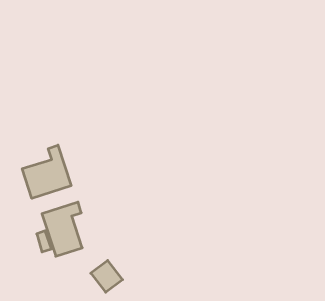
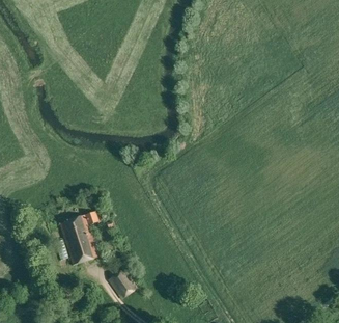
building: [22,145,71,198] -> none

